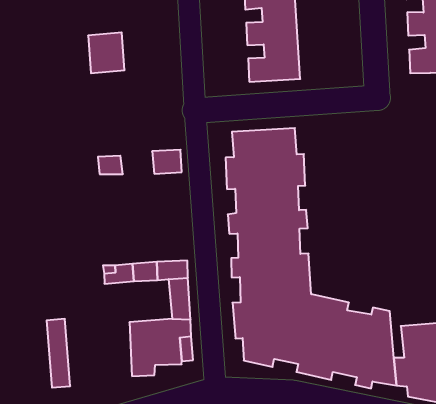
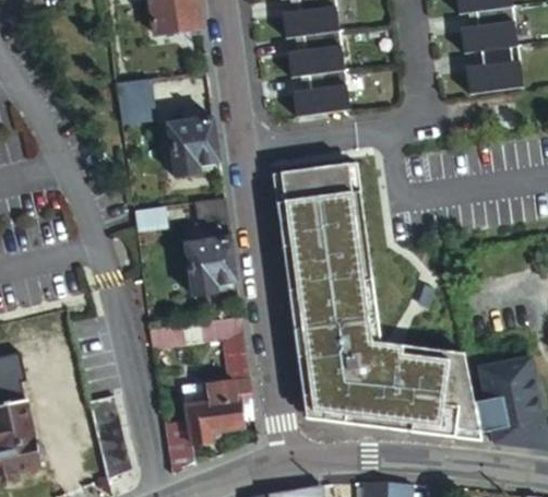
building: none -> [168,117,219,176]
building: none -> [182,236,237,295]
building: none -> [167,421,195,473]

